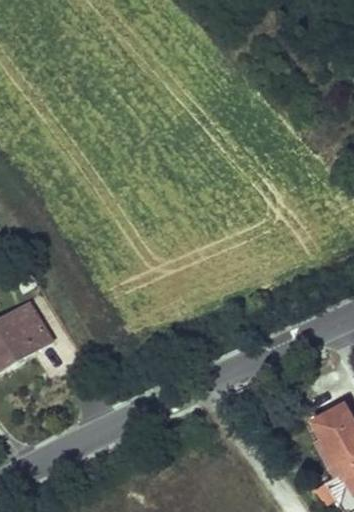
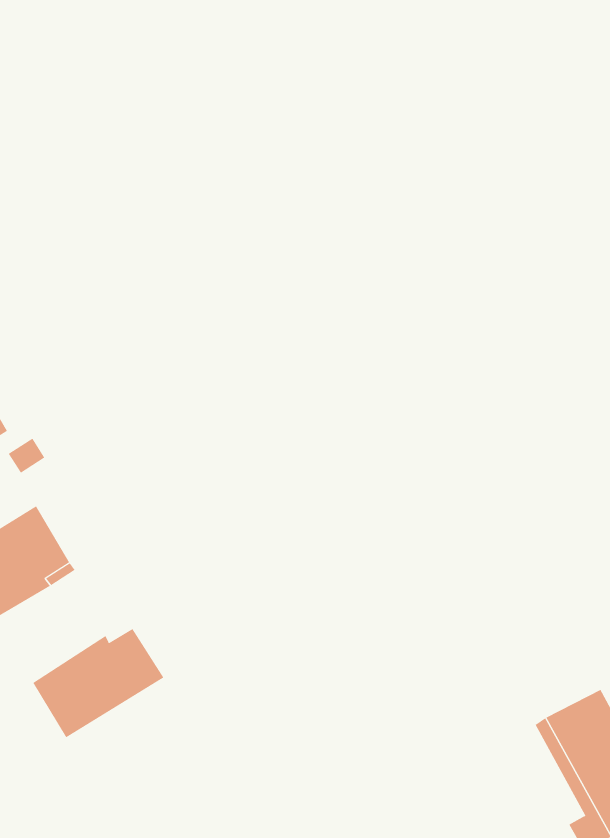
building: none -> [33,628,164,738]

